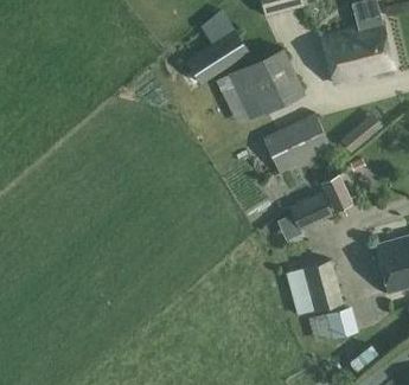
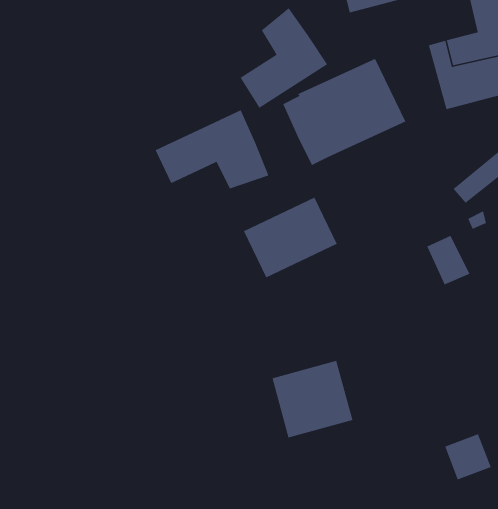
building: none -> [155,109,269,189]
building: [262,114,331,173] -> [243,197,338,278]
building: [289,193,332,231] -> none
building: [285,259,344,316] -> [272,360,353,438]

